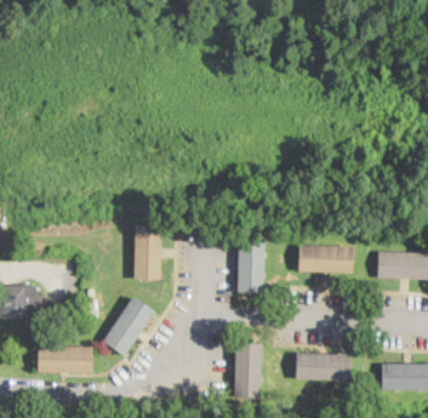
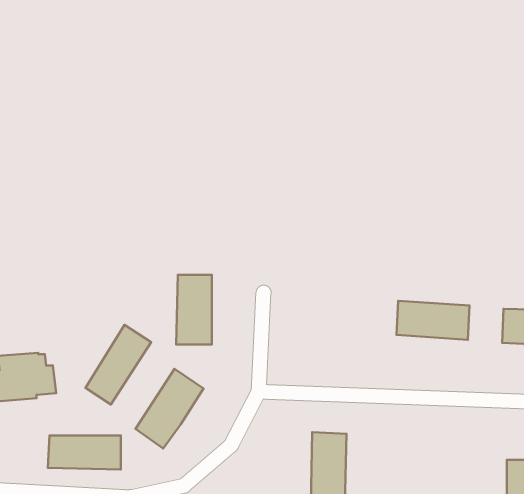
building: [236,239,264,293] -> none
building: none -> [85,325,151,404]
building: [295,354,350,382] -> none

